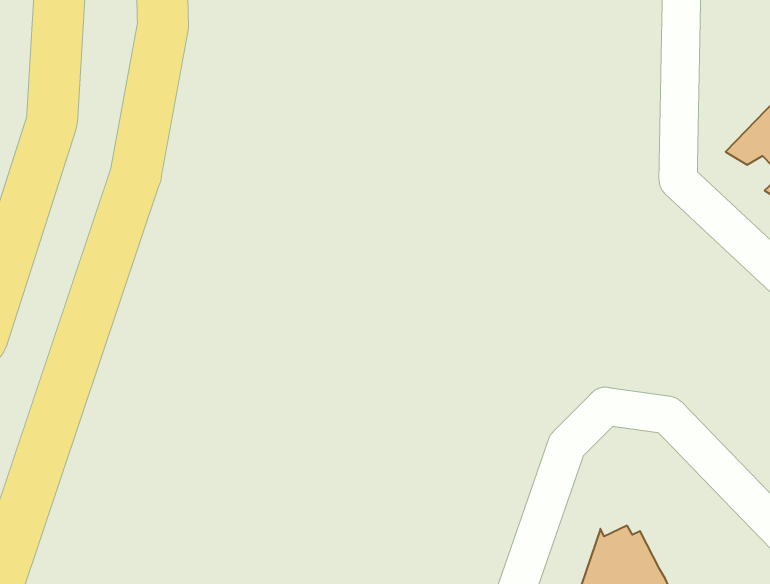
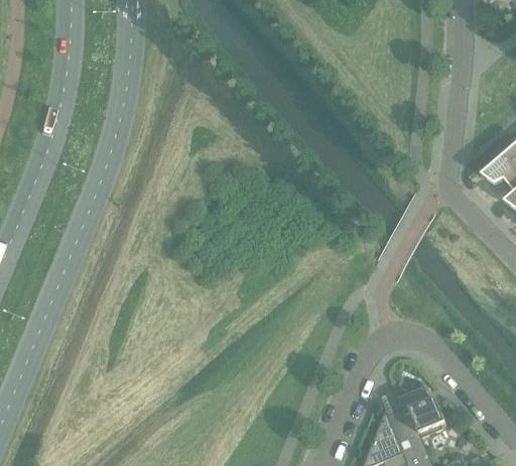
building: none -> [397,386,443,437]

